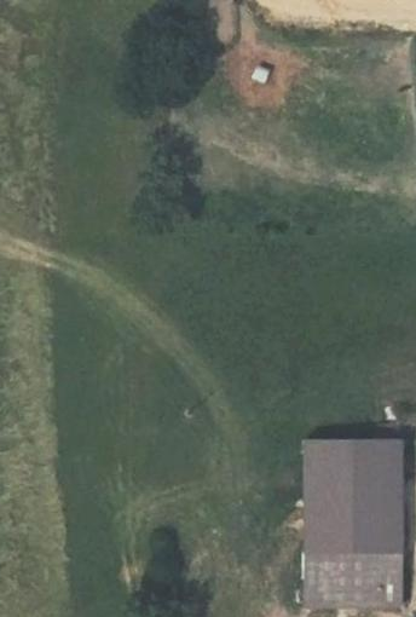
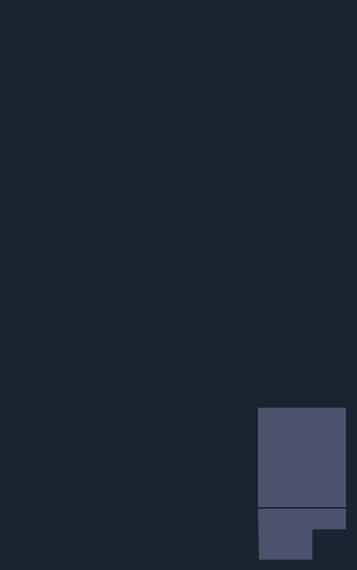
building: [366,573,403,606] -> none

